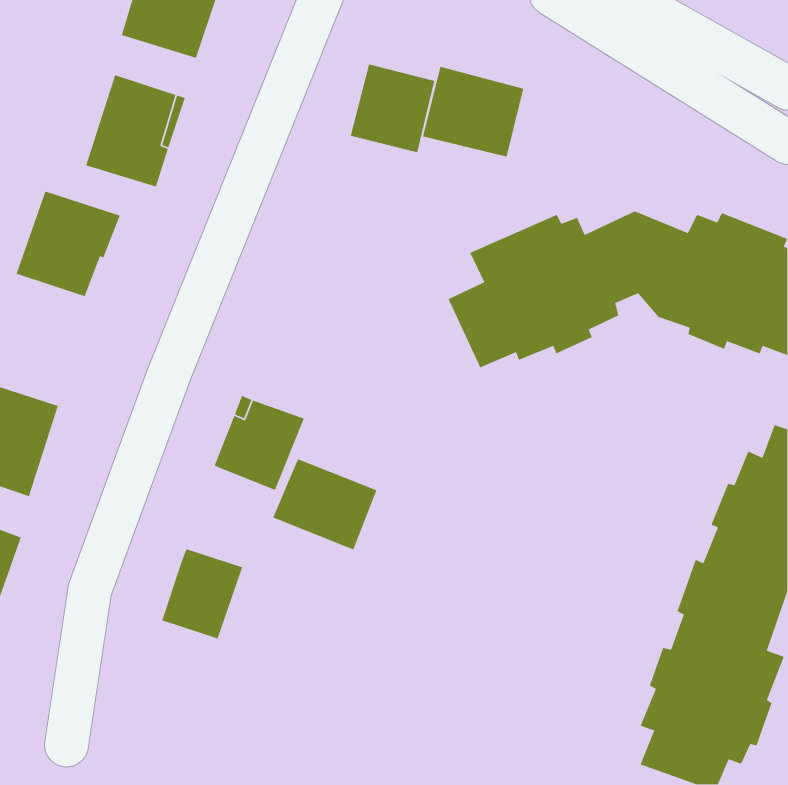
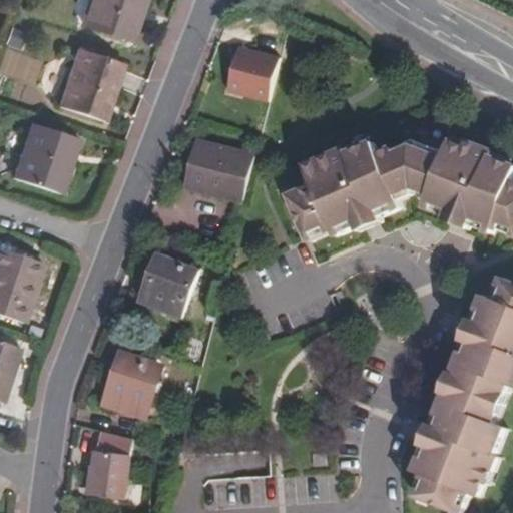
building: [422,66,524,158] -> none
building: none -> [182,139,252,202]
building: [272,458,378,550] -> none
building: none -> [88,430,130,495]

